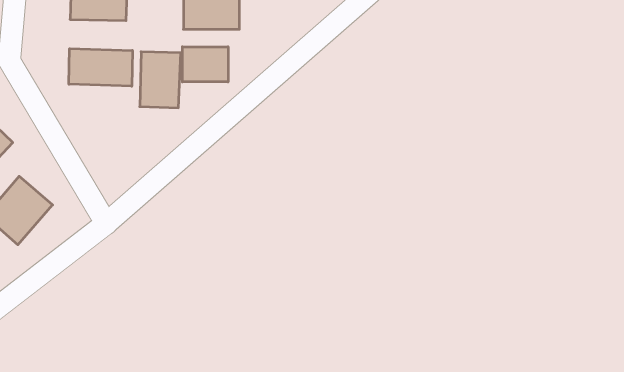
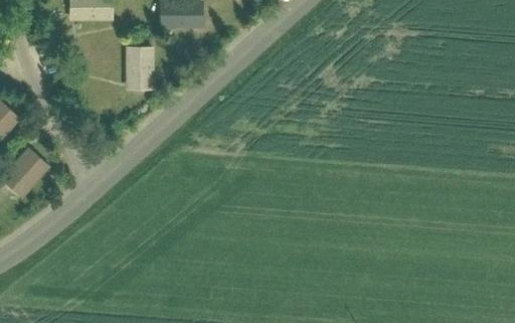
building: [182,47,228,82] -> none
building: [69,49,132,86] -> none

